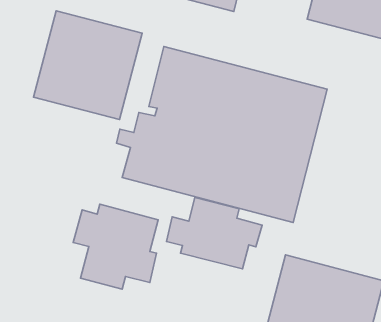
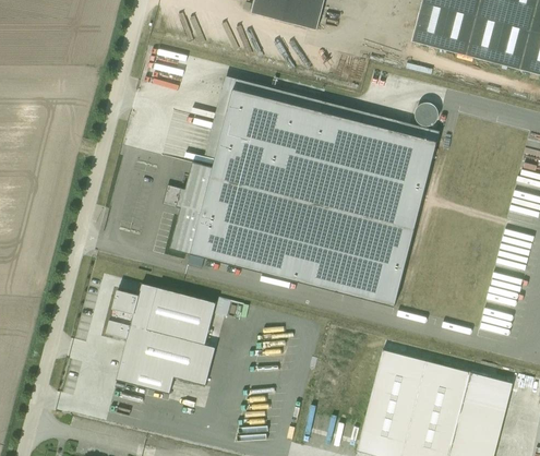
building: [34,11,142,120] -> none
building: [166,197,262,269] -> none

